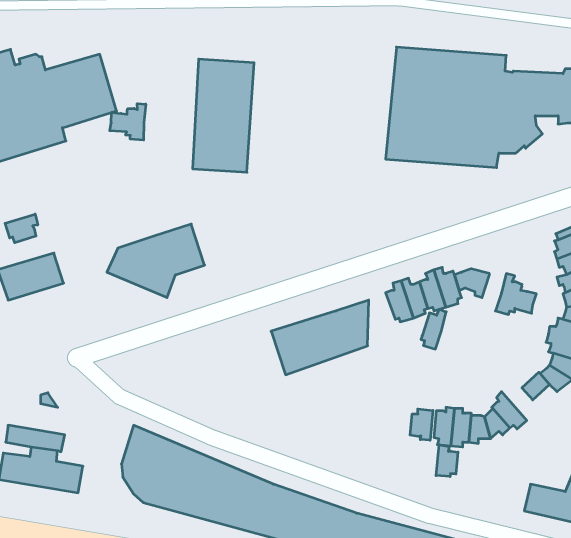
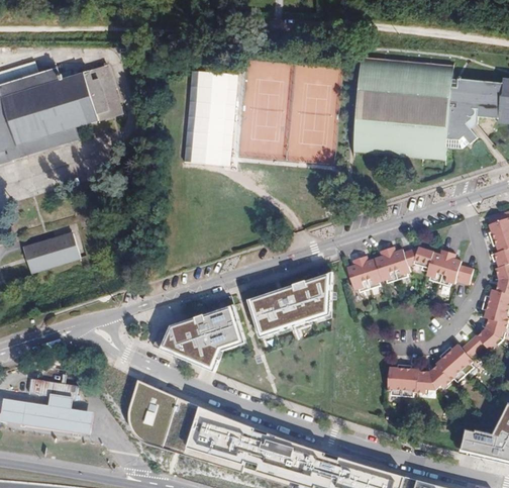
building: [110,104,146,140] -> none
building: [5,214,38,243] -> none
building: [107,224,205,298] -> [165,305,246,367]
building: [421,309,446,349] -> [427,249,448,282]
building: none -> [444,343,474,374]
building: [410,409,433,440] -> none
building: [436,445,458,477] -> none

